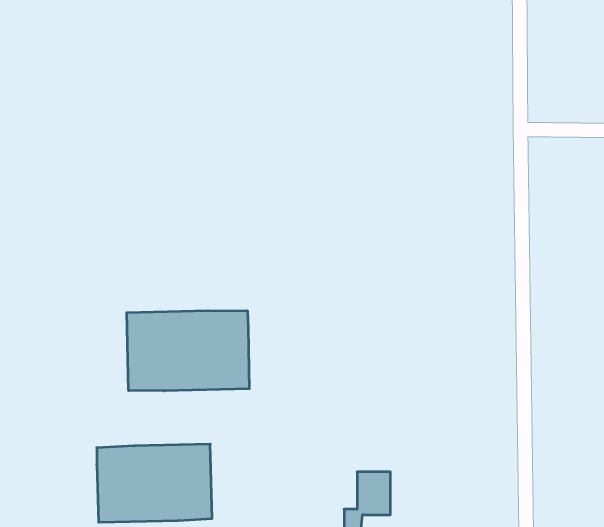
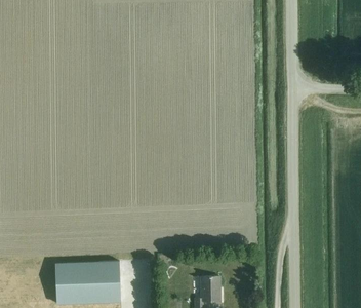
building: [127,311,249,391] -> none

